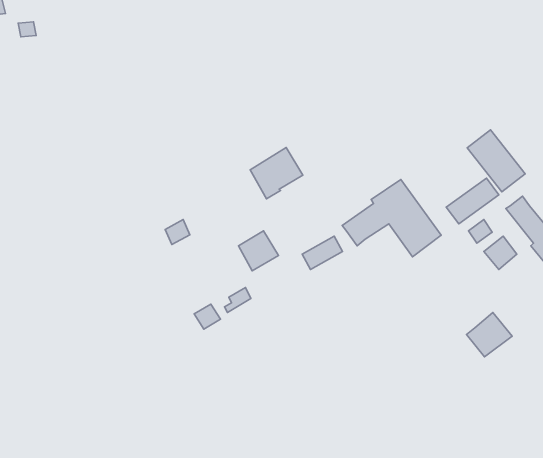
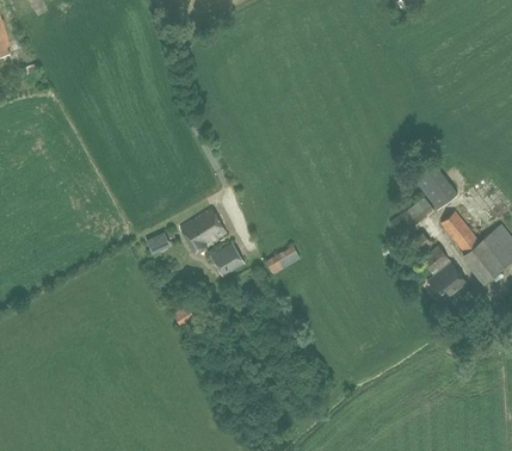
building: [250,148,303,199] -> [180,208,226,252]
building: [342,180,441,257] -> none
building: [467,313,512,357] -> [427,261,467,299]

